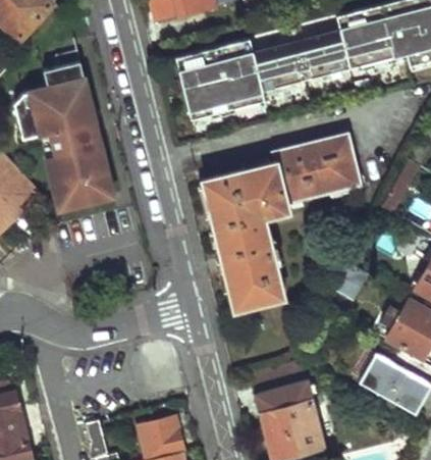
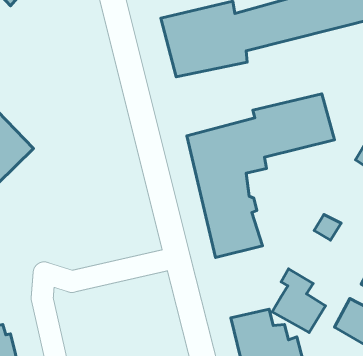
building: [10,51,110,210] -> none
building: none -> [272,269,325,333]

